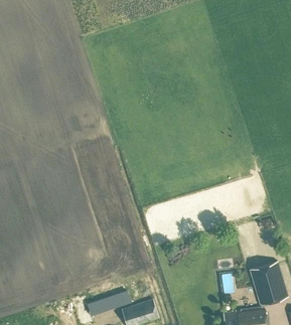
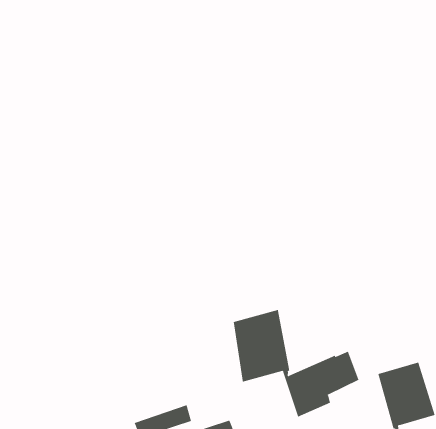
building: none -> [233,309,359,418]

